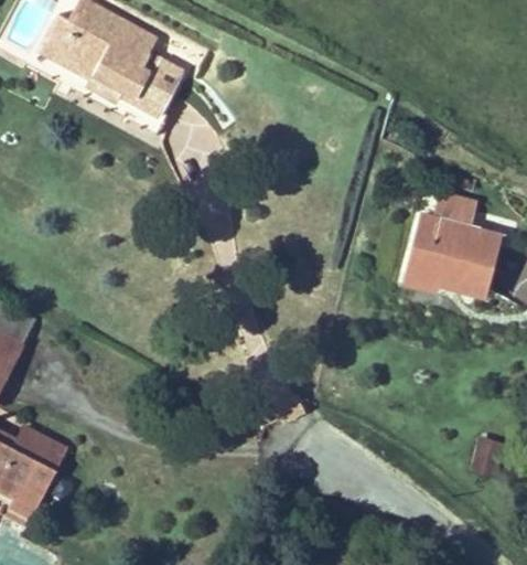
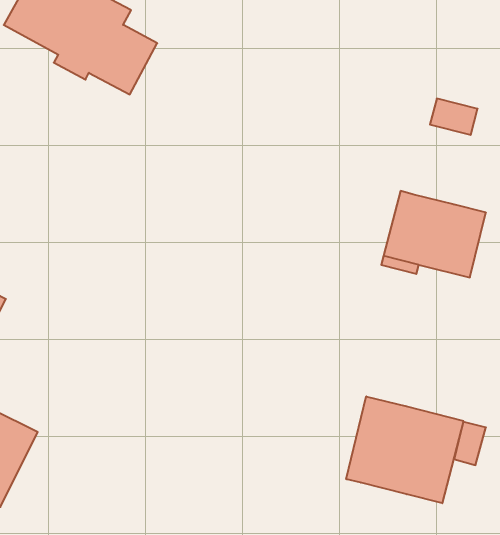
building: [432,191,478,226] -> [430,99,478,135]
building: none -> [346,396,463,503]

